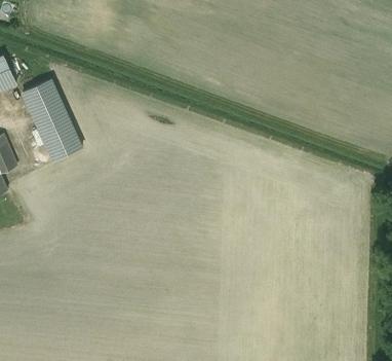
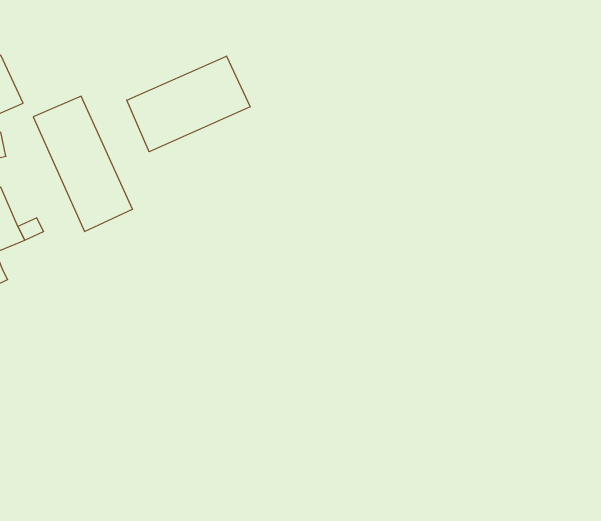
building: none -> [127,56,250,152]

